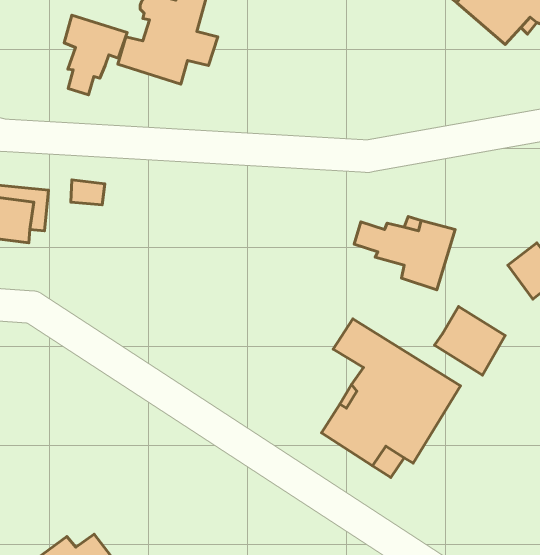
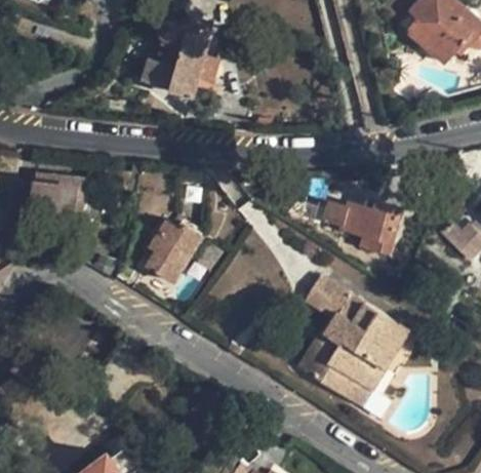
building: [64,15,127,95] -> none
building: none -> [146,220,202,282]
building: [435,307,505,375] -> none

